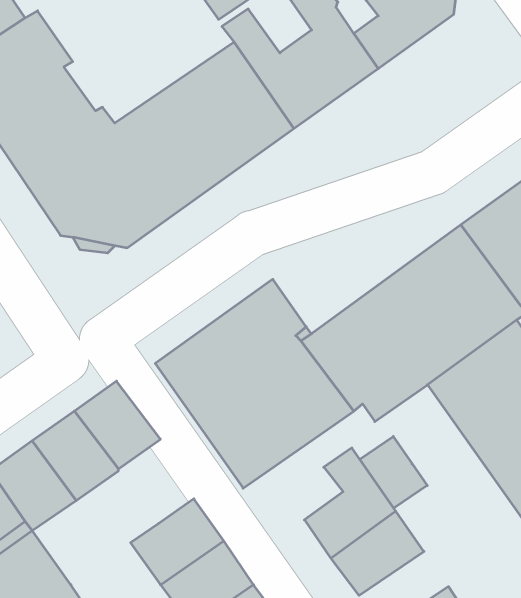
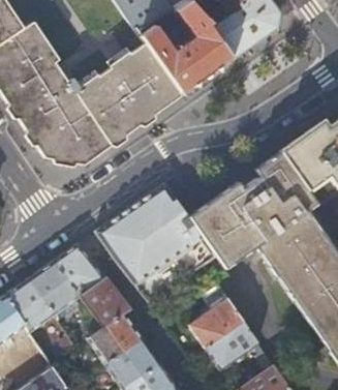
building: [360,436,427,508] -> none
building: none -> [79,277,127,327]

